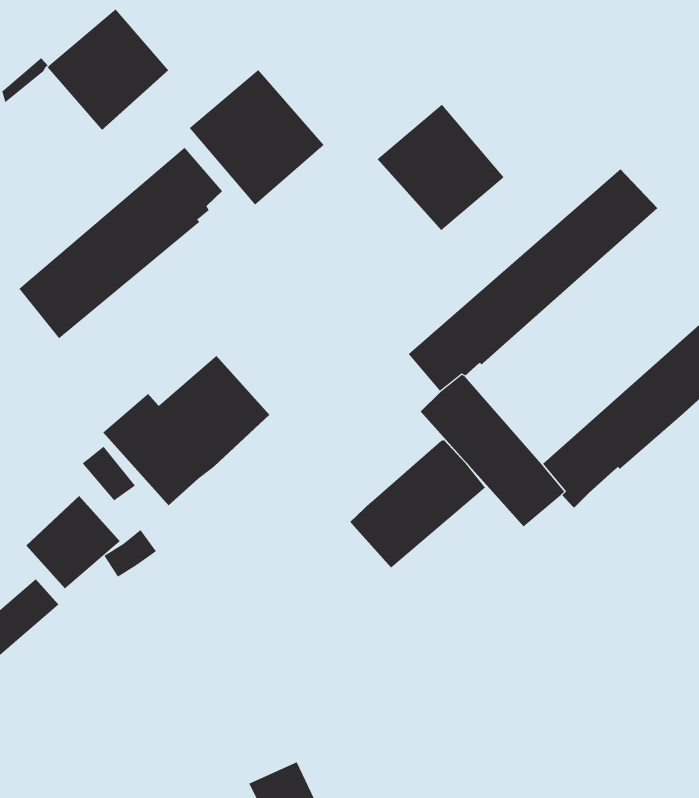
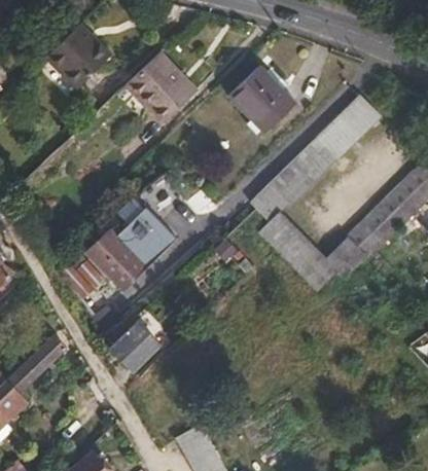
building: [18,147,223,339] -> none
building: [350,439,486,568] -> none
building: [25,495,120,589] -> [109,321,160,372]

